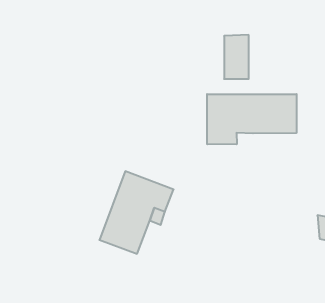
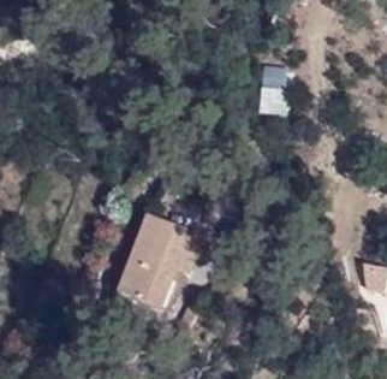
building: [207,94,297,144] -> none

